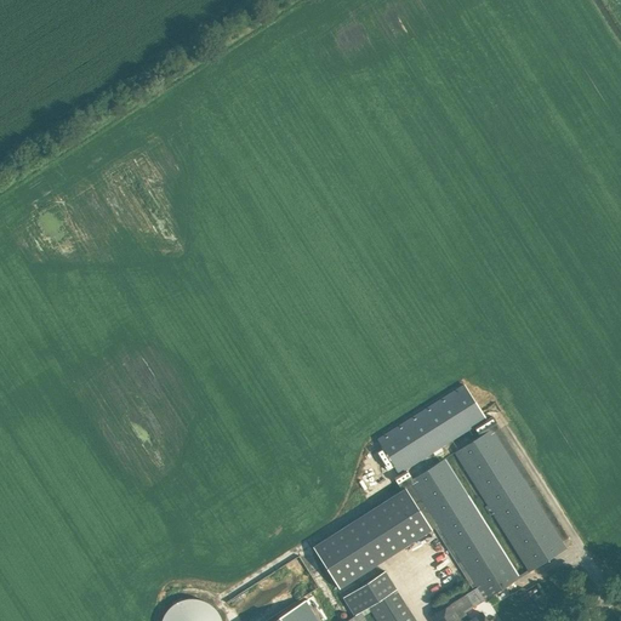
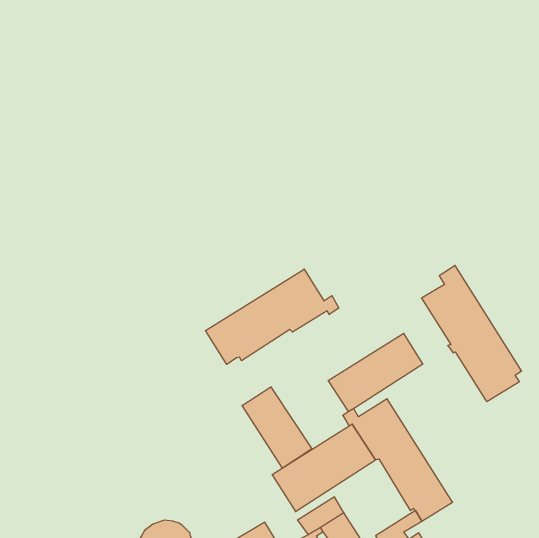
building: none -> [205,269,339,364]
building: [454,416,569,572] -> [421,265,522,401]
building: none -> [242,387,312,468]

